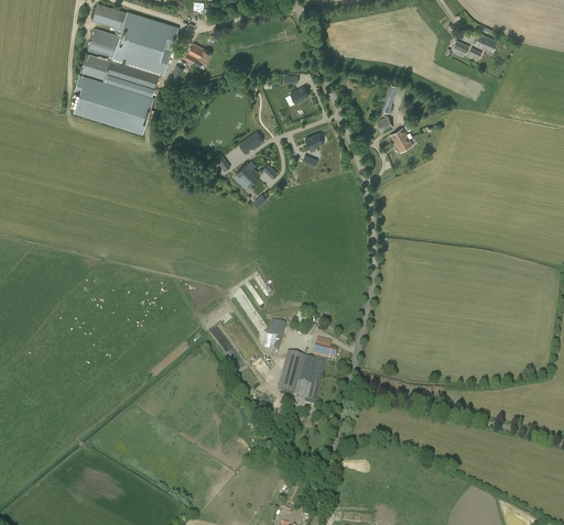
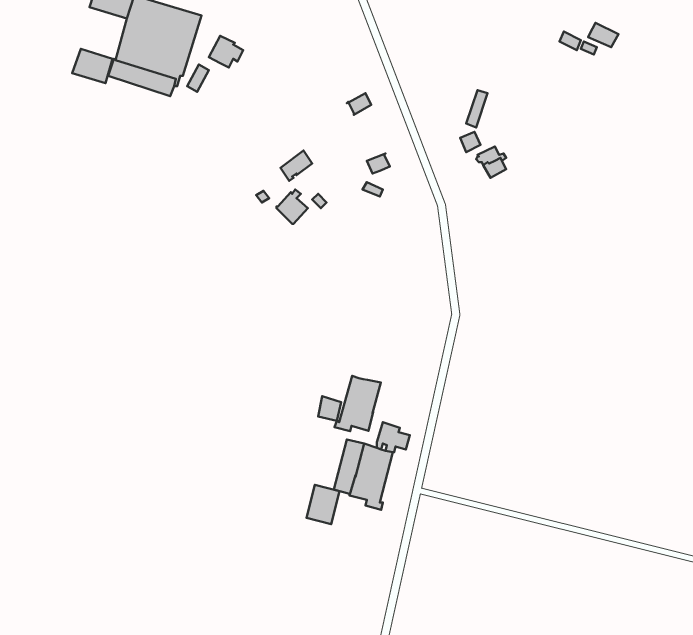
building: [87,26,119,57] -> none
building: [73,74,153,133] -> none
building: none -> [335,376,381,431]
building: none -> [306,485,340,524]

